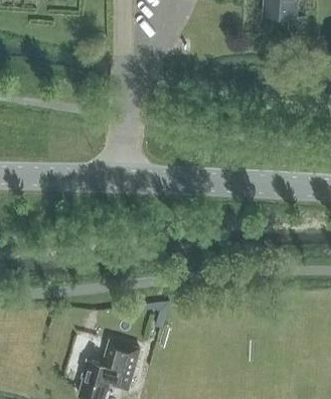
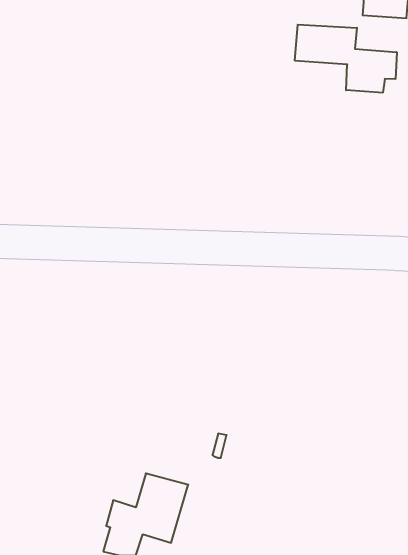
building: none -> [295,25,397,93]

